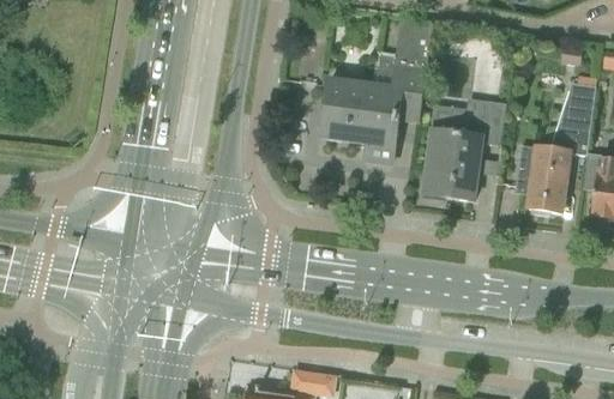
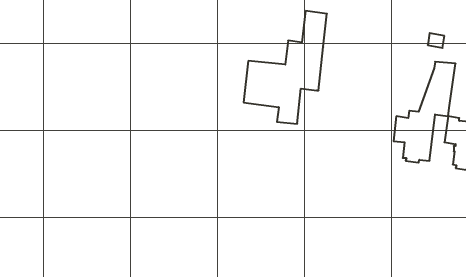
building: [426,98,506,199] -> none

